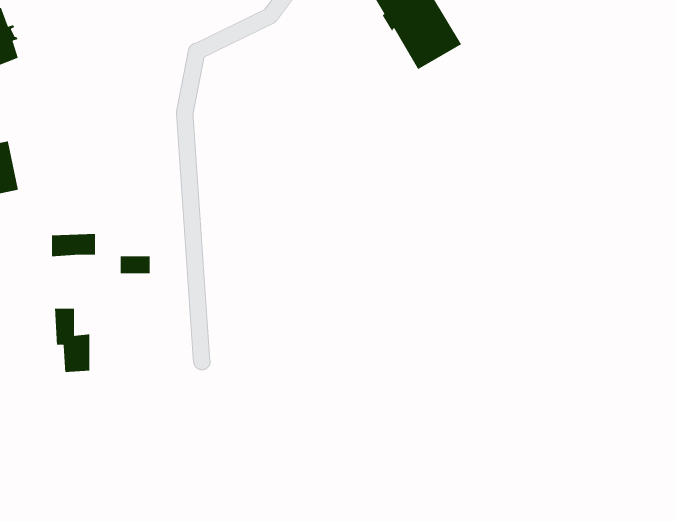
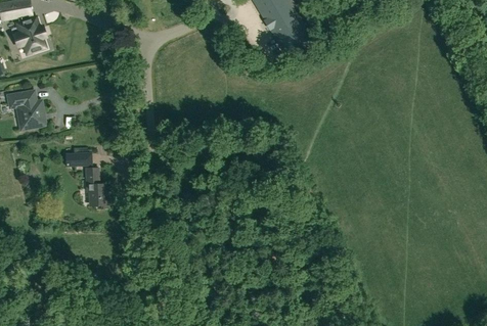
building: [54,308,90,373] -> [86,167,107,205]

